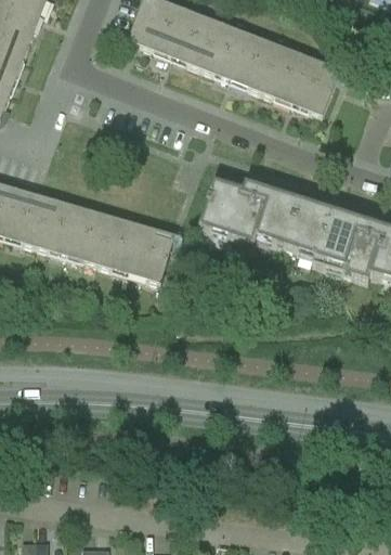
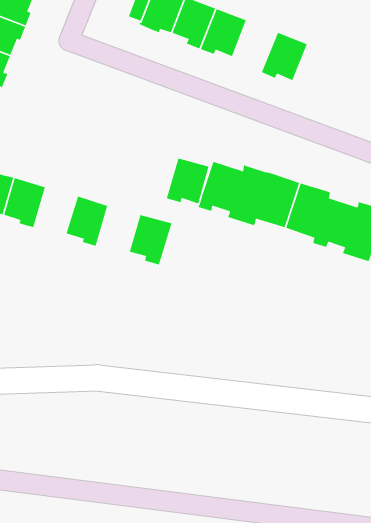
building: [234,37,278,89] -> none
building: [294,61,339,114] -> none
building: [37,203,80,249] -> none
building: [99,221,142,268] -> [166,157,210,204]

